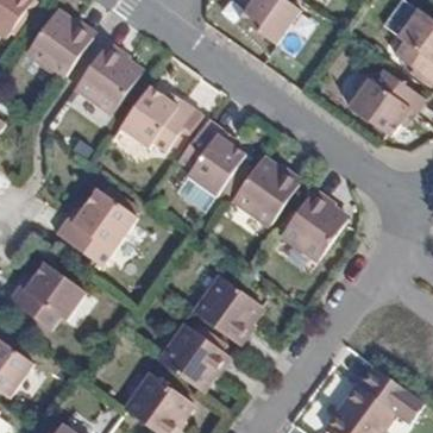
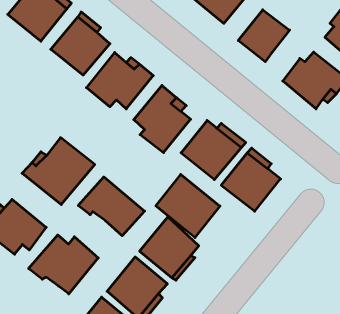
building: none -> [238,10,290,62]
building: none -> [156,174,220,238]
building: none -> [78,177,145,236]
building: none -> [29,235,98,294]

